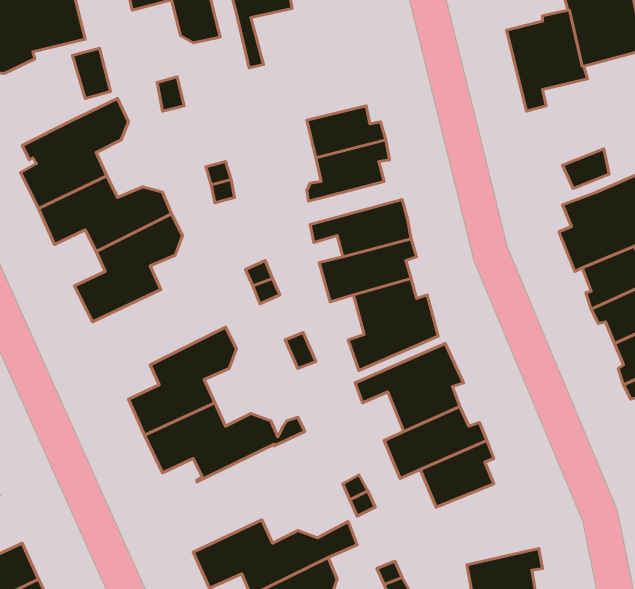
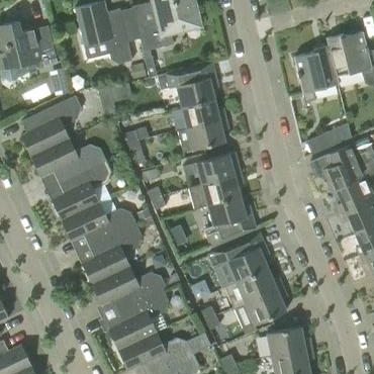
building: none -> [157,62,217,107]
building: none -> [61,202,135,245]
building: none -> [107,289,168,350]
building: none -> [266,326,311,357]

